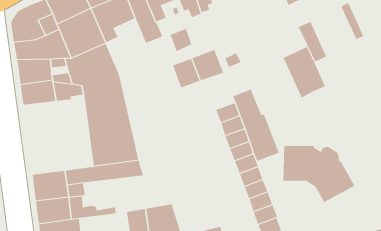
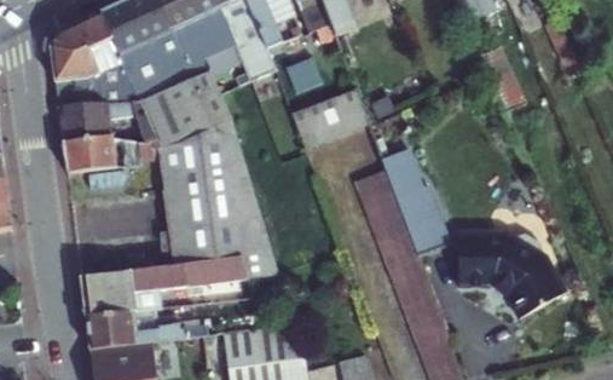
building: none -> [192,71,277,278]
building: [283,46,325,99] -> none

